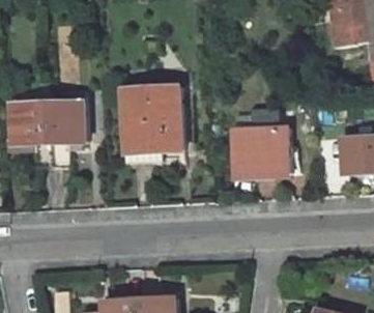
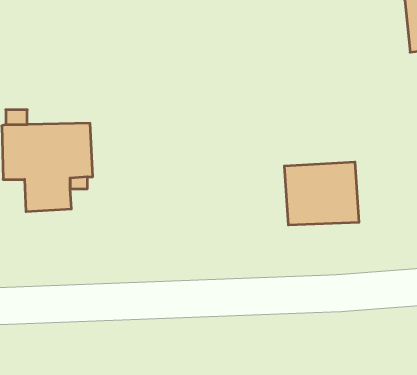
building: [128,83,183,147] -> none

